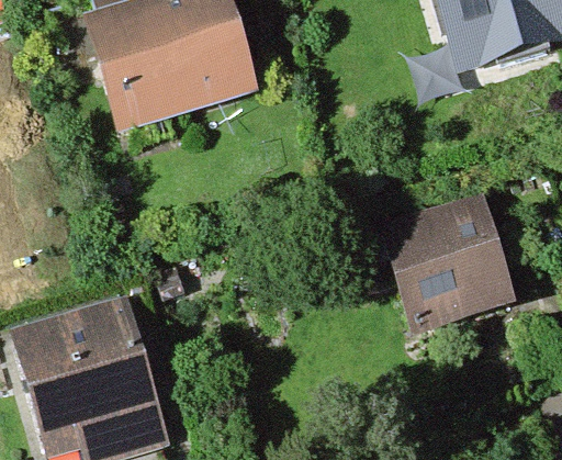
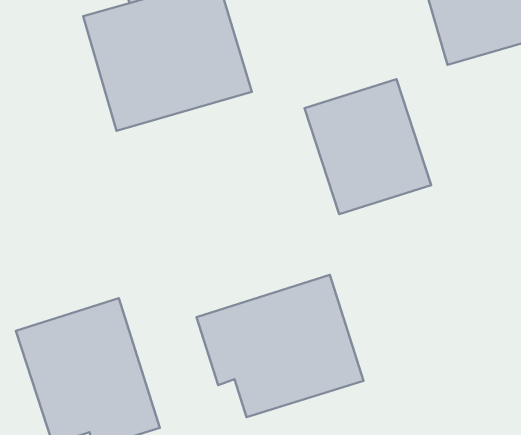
building: [386,189,515,326] -> [305,79,431,214]
building: none -> [196,275,364,417]

